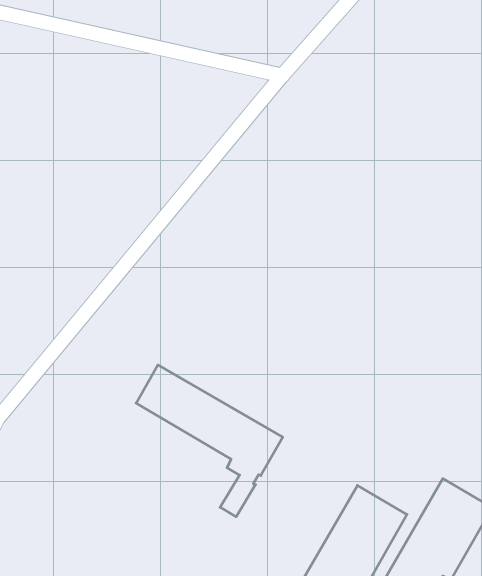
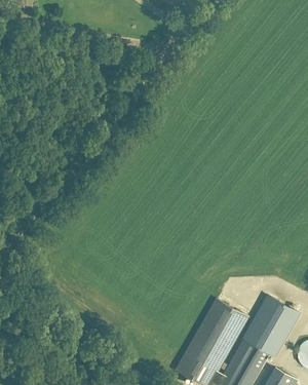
building: [136,365,283,517] -> none

